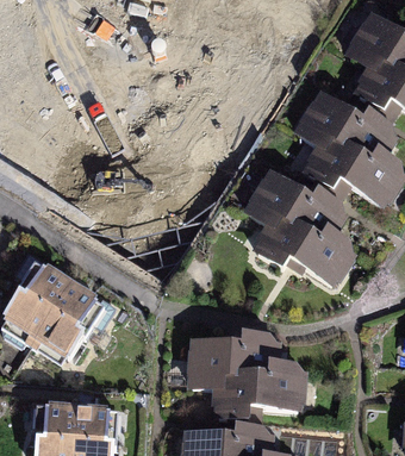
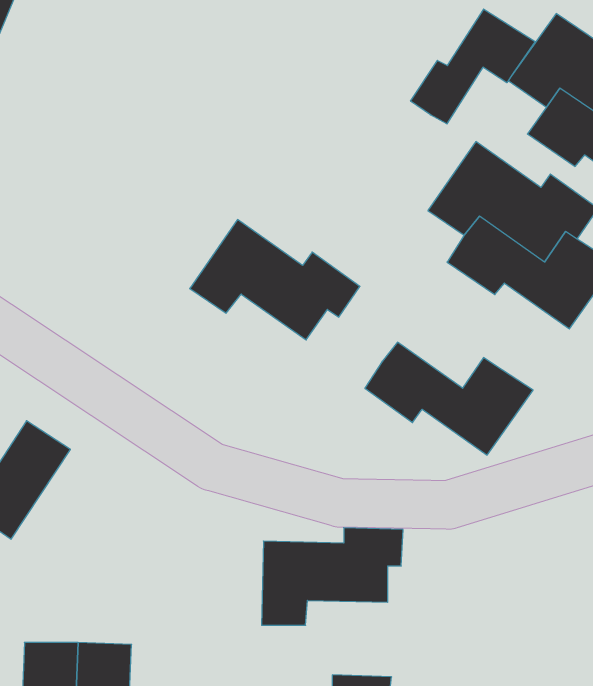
building: none -> [411,9,535,124]
building: [242,171,348,246] -> [190,220,360,340]
building: [33,285,99,363] -> none
building: [217,357,305,414] -> none

